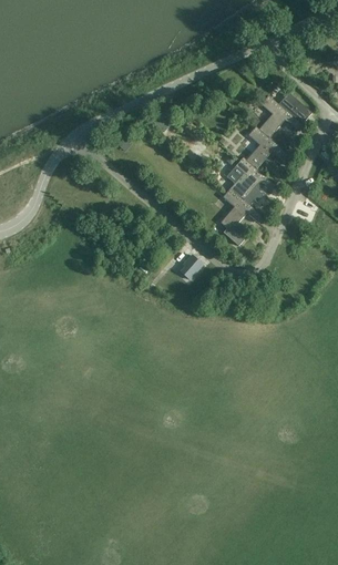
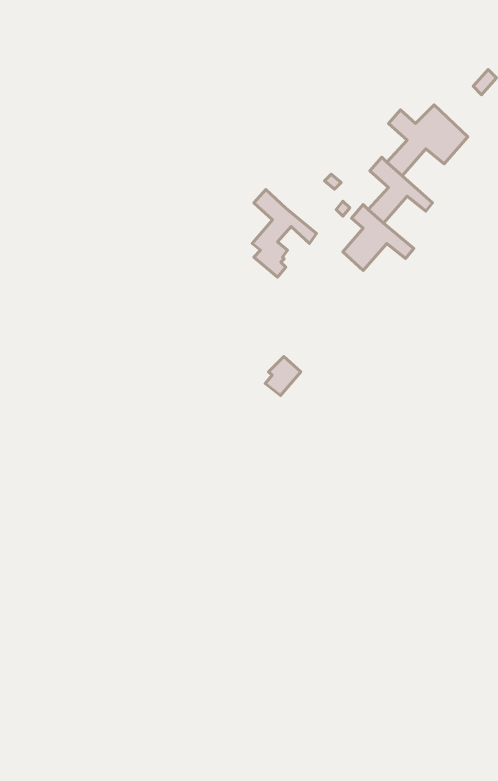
building: [221,187,263,245] -> [252,189,316,277]

